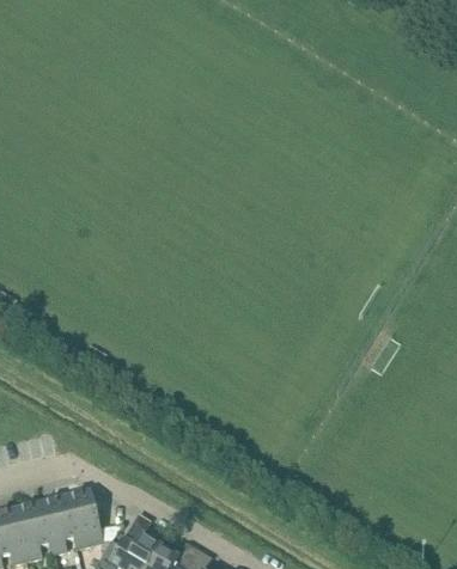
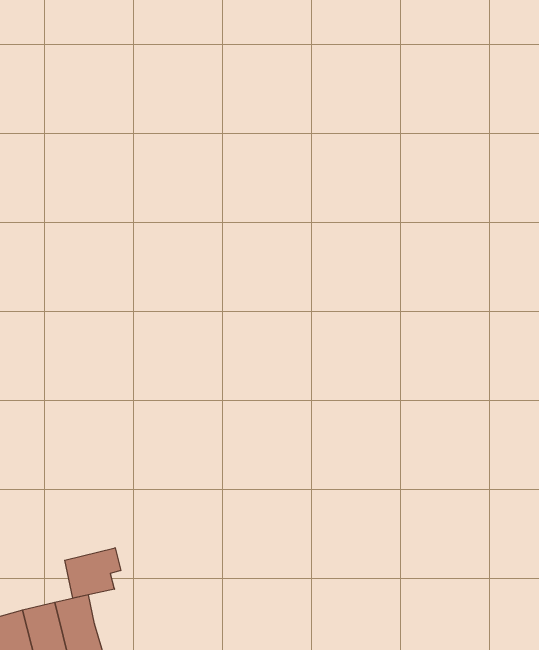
building: none -> [65,548,121,598]

